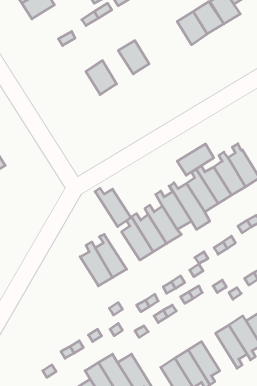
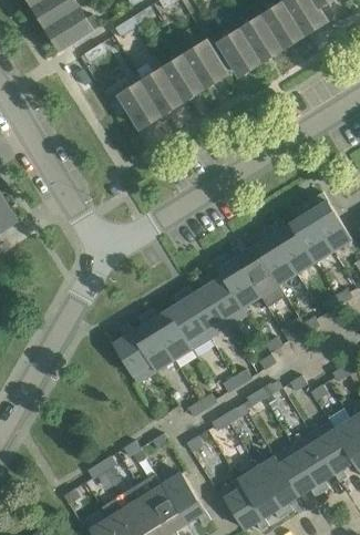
building: none -> [49,8,100,49]
building: none -> [220,30,261,74]
building: none -> [186,42,227,86]
building: none -> [143,69,184,113]
building: [177,144,214,175] -> none
building: [95,188,131,227] -> [145,309,193,360]
building: none -> [275,445,322,496]

